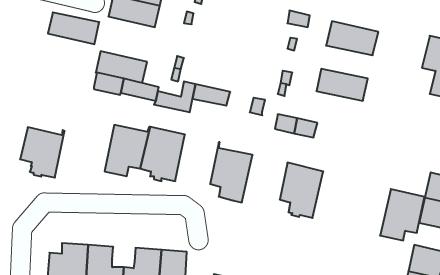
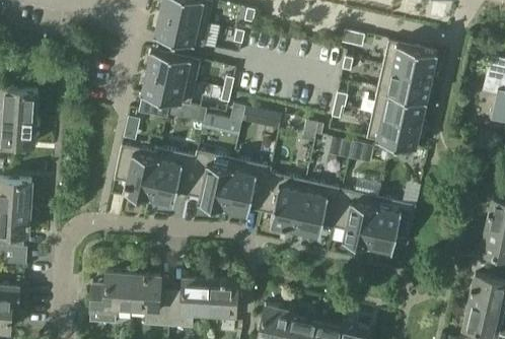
building: [48,12,99,44] -> [146,51,200,84]
building: none -> [377,67,431,101]
building: none -> [366,115,421,150]
building: [20,127,65,178] -> [114,146,160,199]
building: none -> [224,160,270,214]
building: none -> [294,182,342,236]
building: [380,189,425,240] -> [368,199,415,253]

